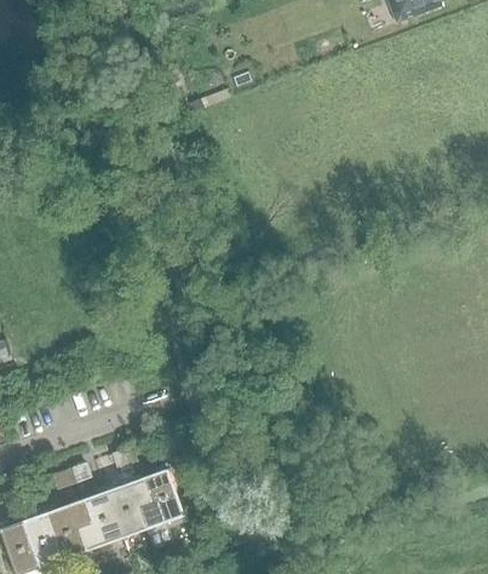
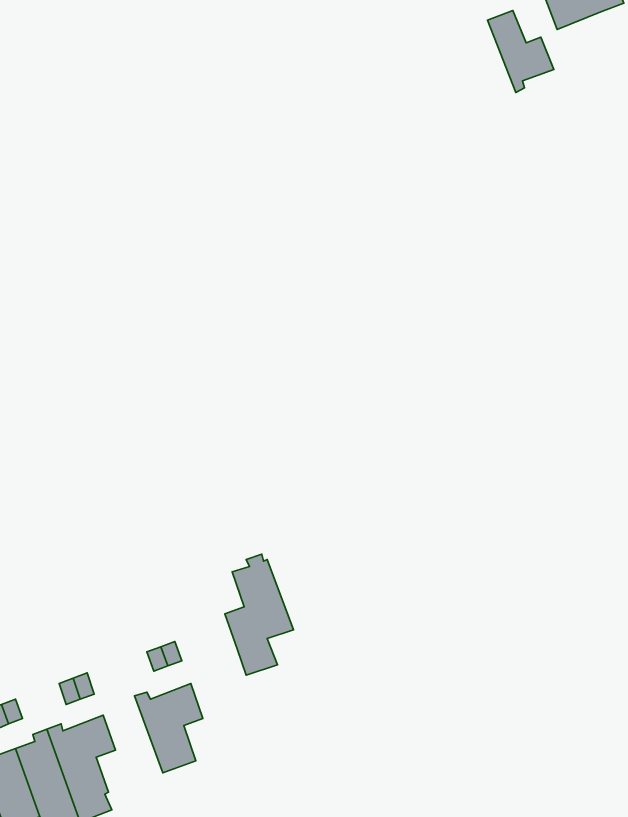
building: none -> [487,10,554,92]
building: [137,463,184,546] -> [225,554,293,675]
building: [76,483,122,550] -> none

